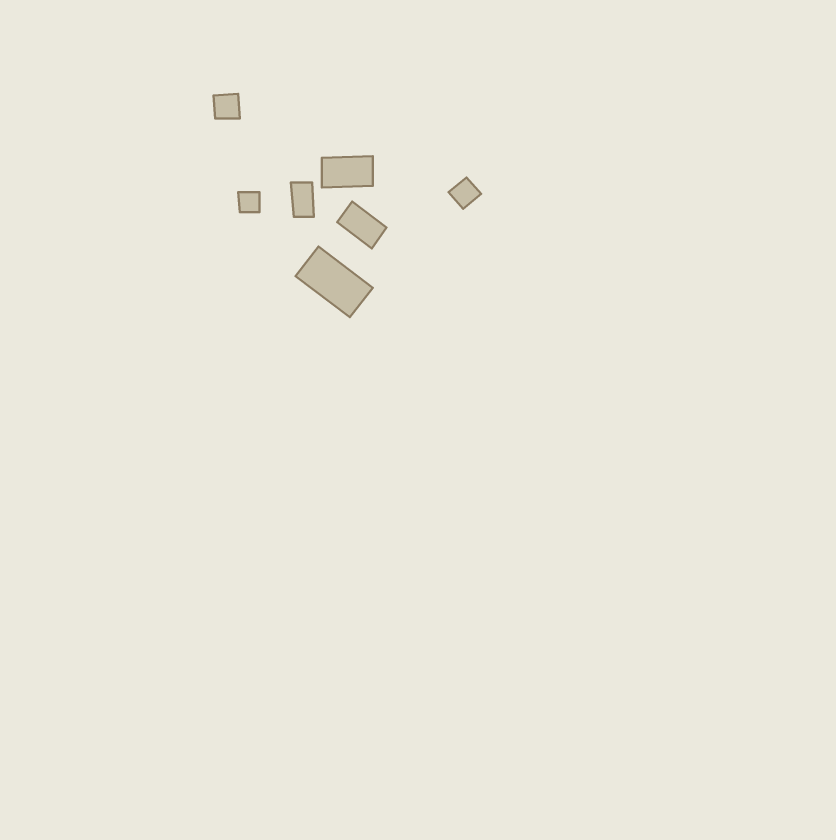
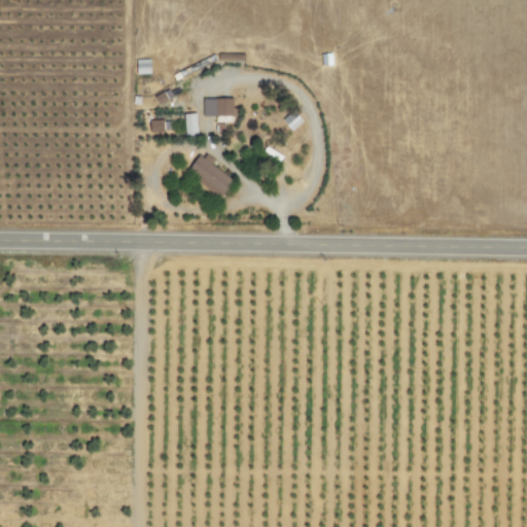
building: [337,201,387,248] -> none

